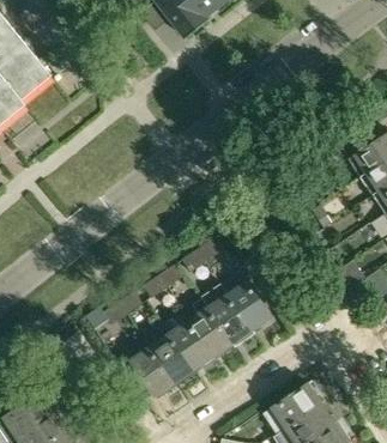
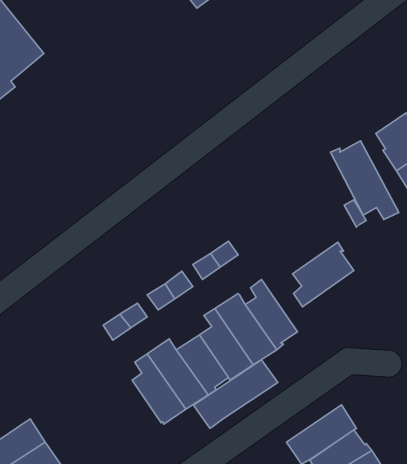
building: none -> [330,141,399,219]
building: none -> [293,242,354,307]
building: none -> [193,360,278,428]

